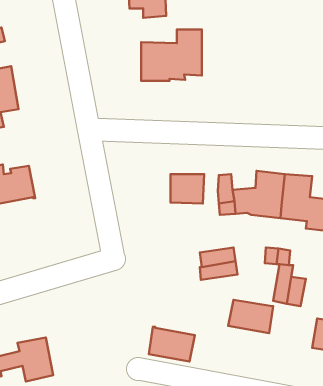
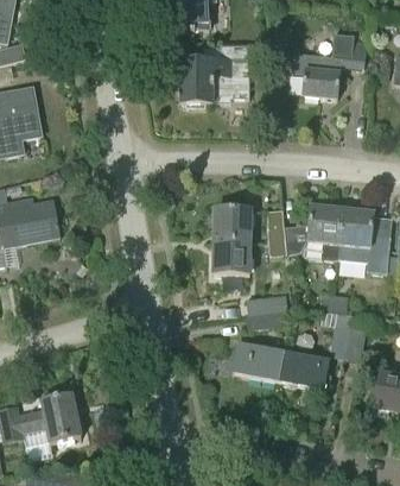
building: none -> [291,29,366,99]
building: none -> [211,240,249,273]
building: [149,327,195,361] -> [231,341,284,380]

